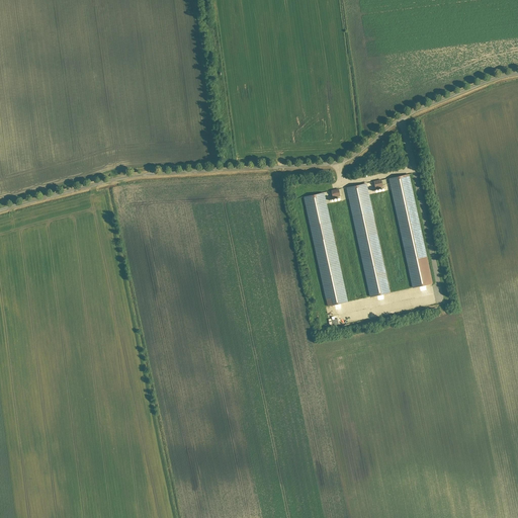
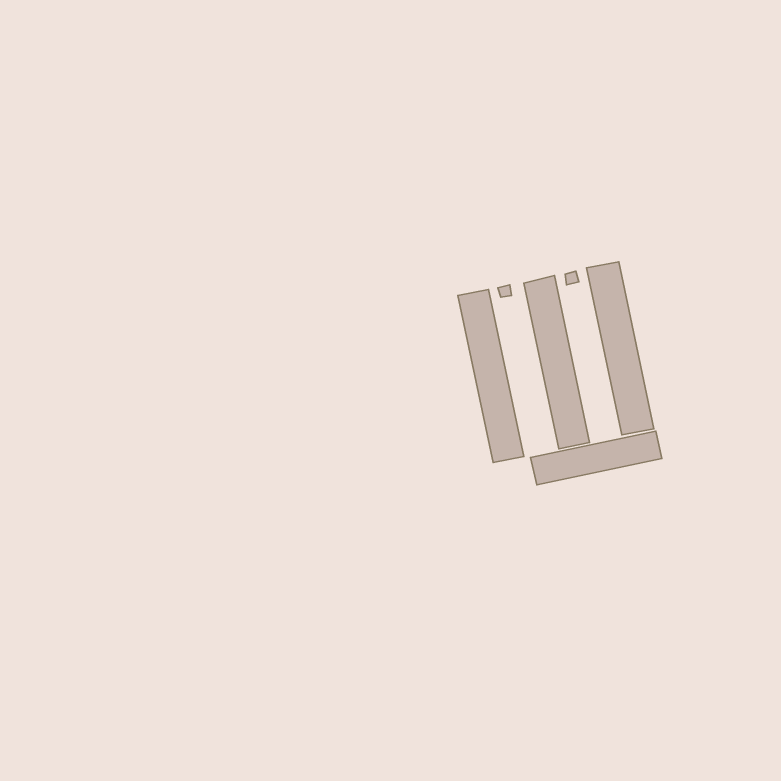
building: none -> [530,431,662,485]

